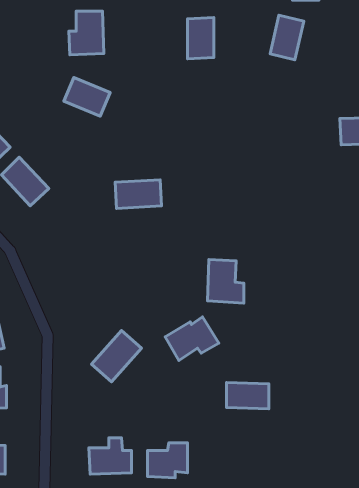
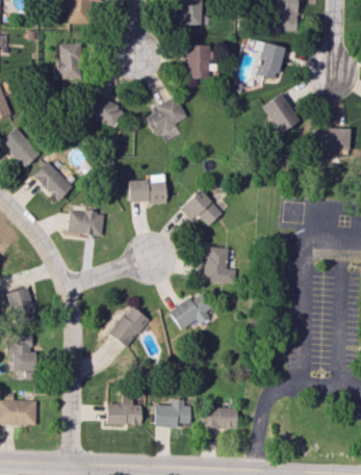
building: [69,11,104,55] -> [53,44,82,80]
building: none -> [263,94,300,134]
building: none -> [147,97,187,134]
building: none -> [182,189,224,226]
building: none -> [69,211,104,235]
building: [226,383,269,409] -> [202,407,237,429]

